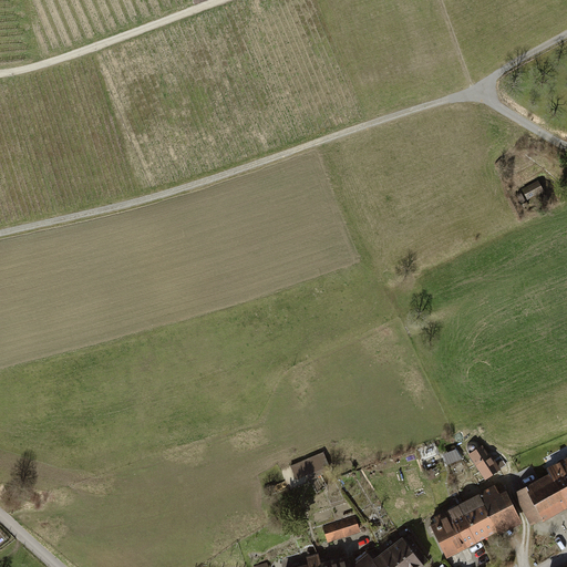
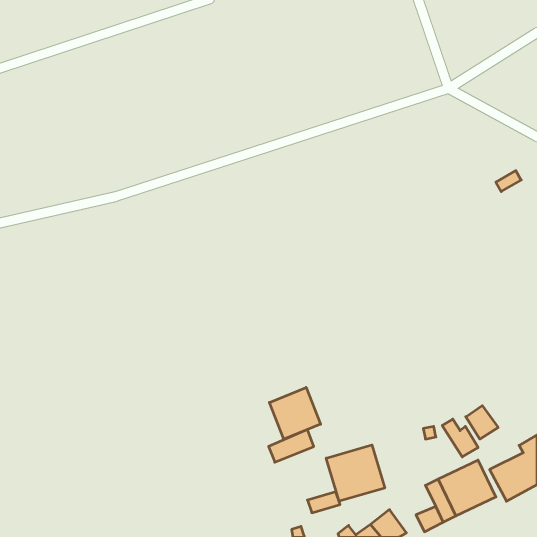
building: none -> [269,387,321,439]
building: none -> [466,406,498,439]
building: none -> [326,445,385,501]
building: [431,511,458,542] -> none

